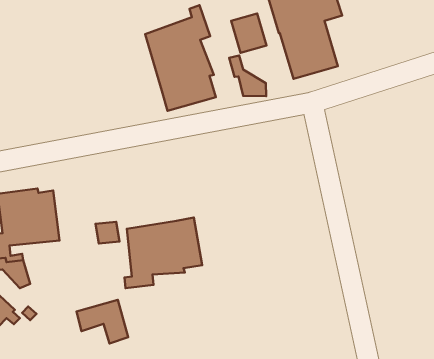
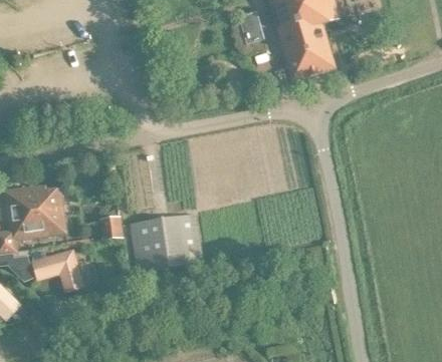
building: [145,5,216,111] -> none
building: [229,55,266,96] -> none
building: [76,300,128,343] -> [33,250,83,292]

